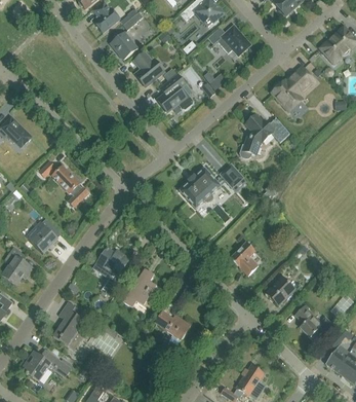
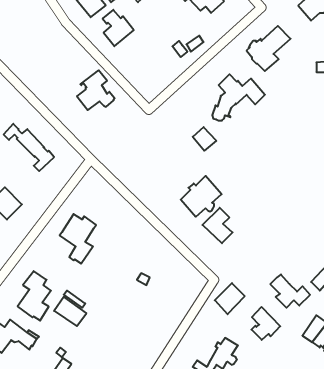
building: [157,73,193,111] -> [77,70,115,110]
building: [181,168,220,207] -> [181,176,222,217]
building: [122,268,160,308] -> none
building: [266,276,294,305] -> [215,283,245,314]
building: [155,310,191,344] -> none
building: none -> [251,307,280,340]

